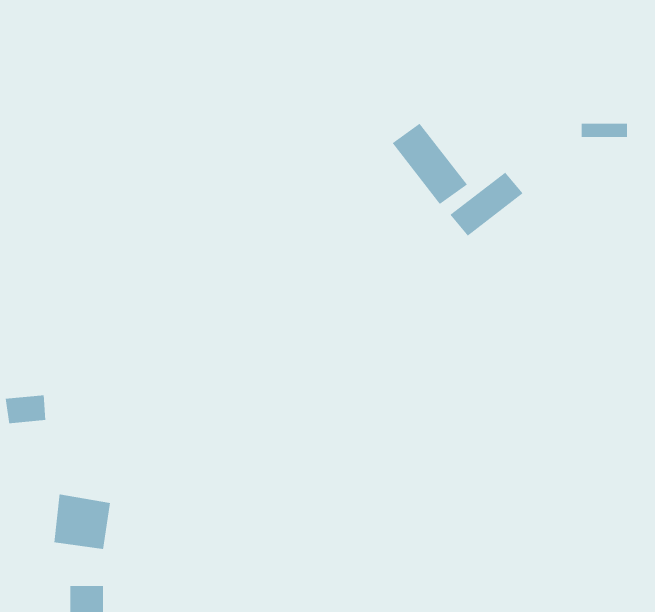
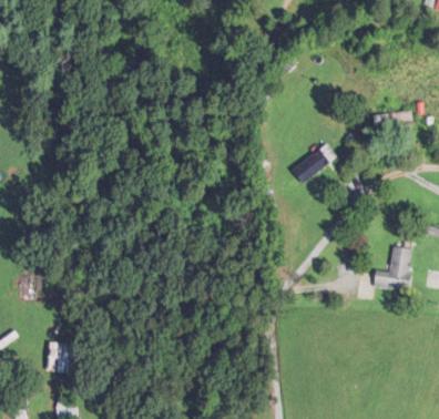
building: [392,123,468,205] -> none
building: none -> [372,246,411,289]

